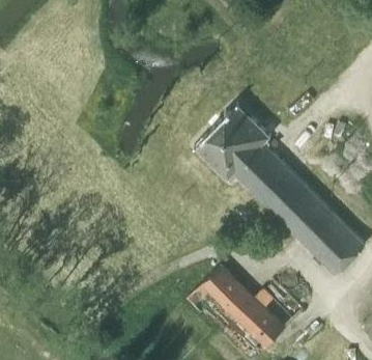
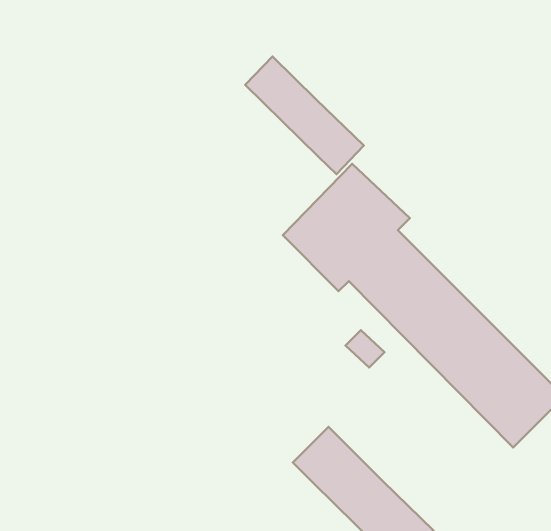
building: none -> [245,56,364,174]

